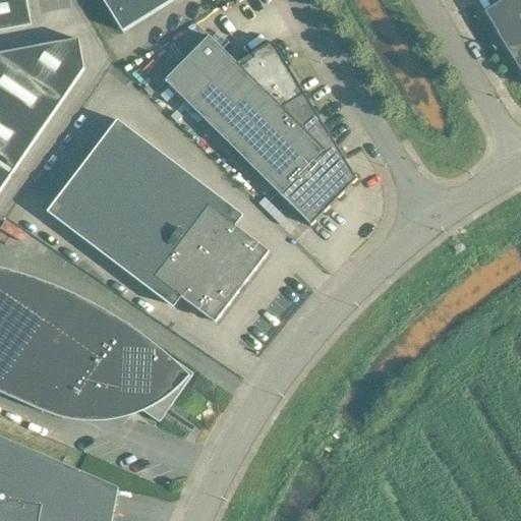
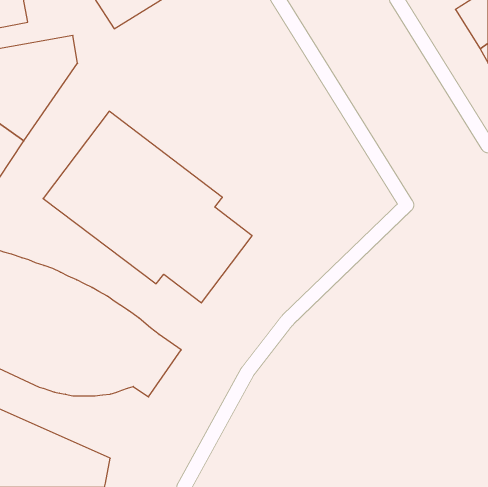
building: [164,35,356,225] -> none

